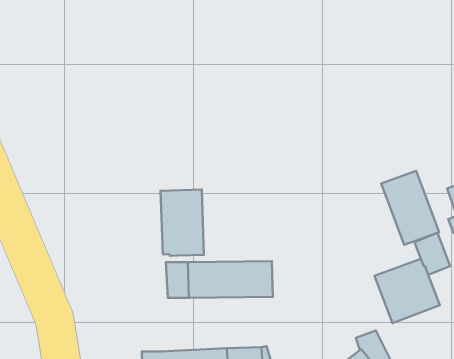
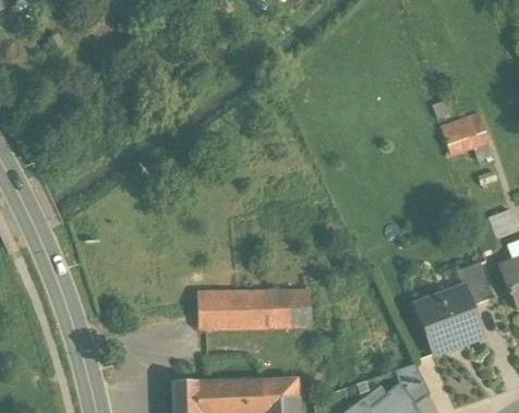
building: none -> [442,111,490,153]
building: [381,171,439,245] -> none
building: [160,190,204,256] -> none

